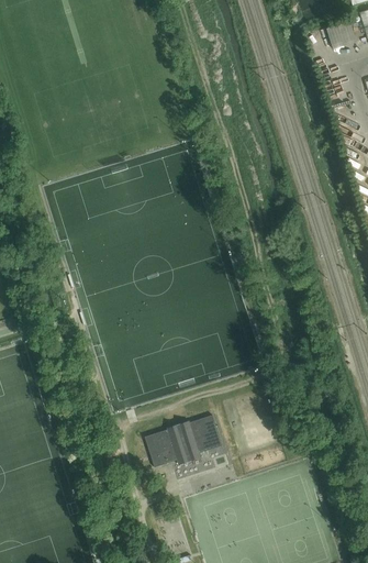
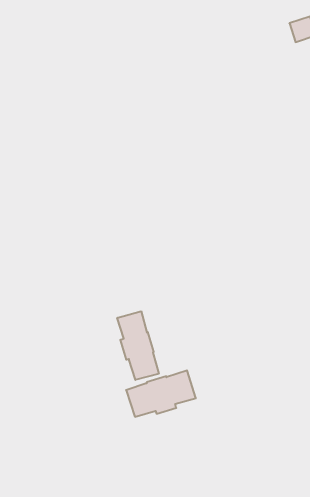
building: none -> [117,311,159,380]

